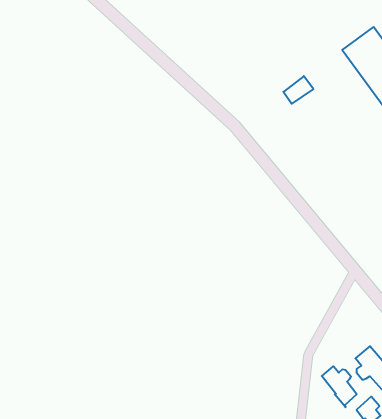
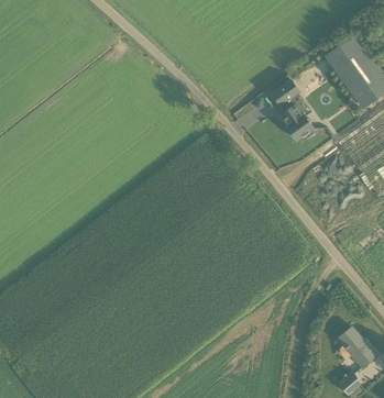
building: none -> [279,104,314,141]
building: [322,366,357,407] -> none

